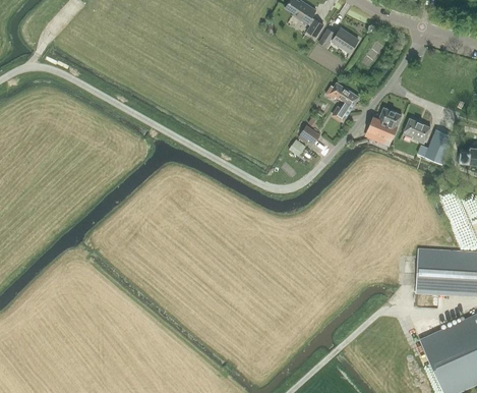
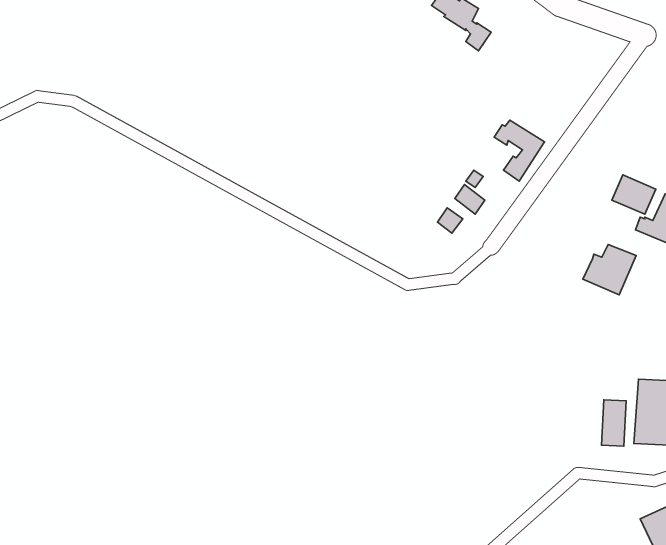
building: [318,29,358,53] -> none
building: [367,108,402,141] -> [583,245,636,295]
building: none -> [602,400,626,446]

